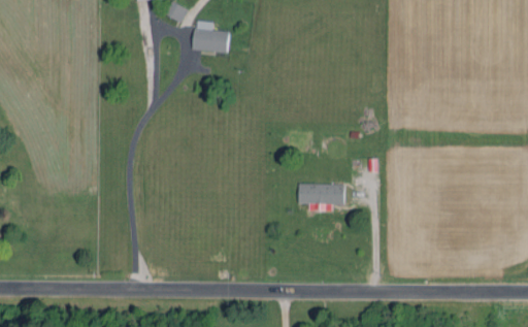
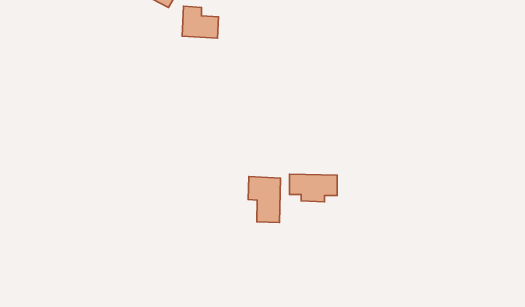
building: none -> [248,176,280,223]

